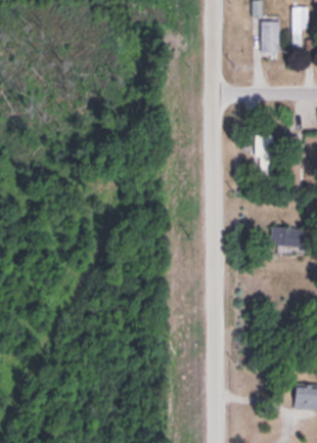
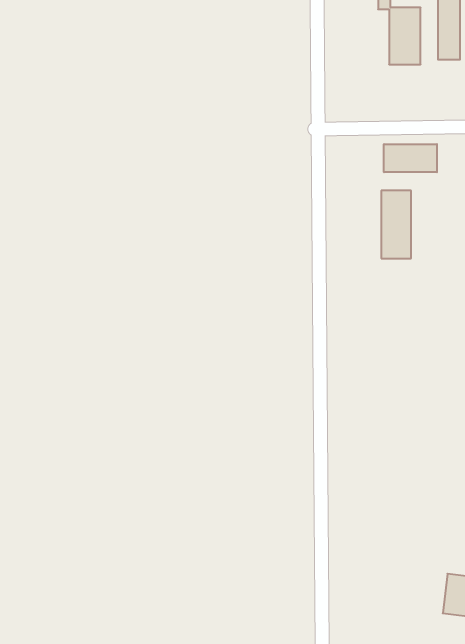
building: none -> [384,144,437,172]
building: [271,228,305,249] -> none

